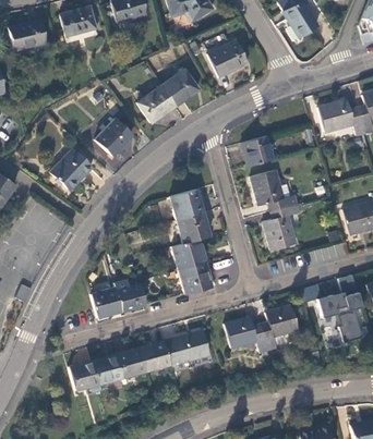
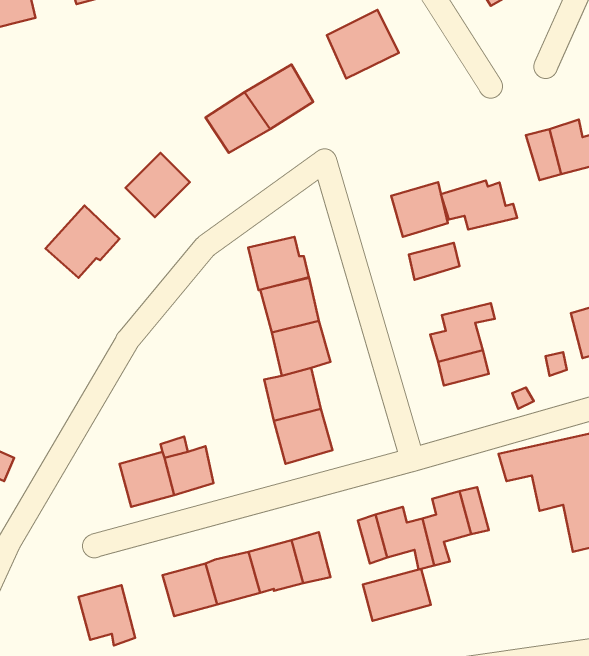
building: none -> [248,237,309,290]
building: [256,182,299,209] -> [441,181,517,229]
building: none -> [363,569,431,621]
building: [93,354,122,389] -> none

